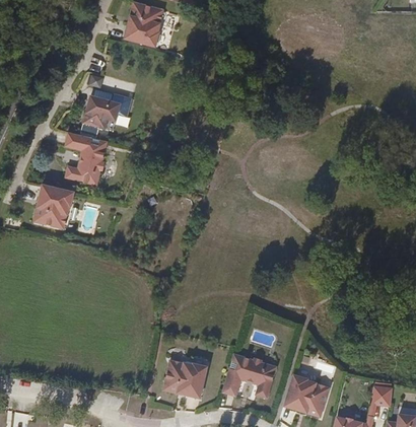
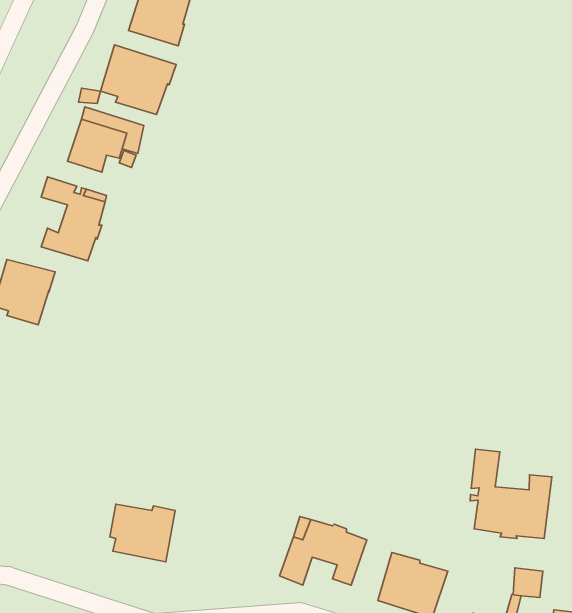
building: none -> [100,45,176,114]
building: none -> [470,449,552,538]
building: [166,360,209,398] -> [110,504,175,562]

